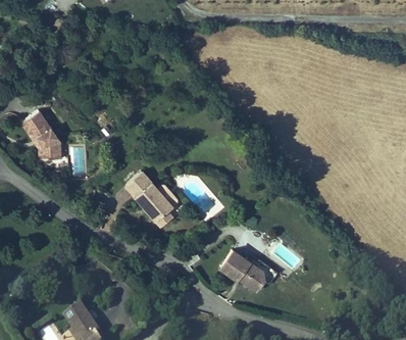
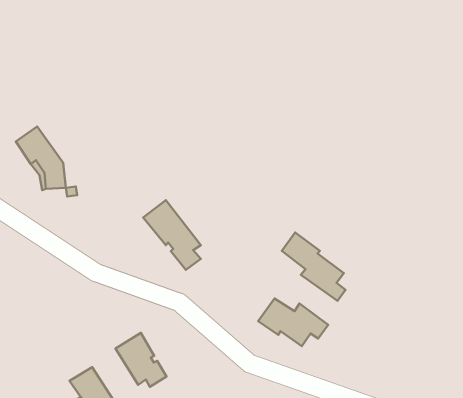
building: none -> [282,233,346,301]
building: none -> [115,333,166,387]

